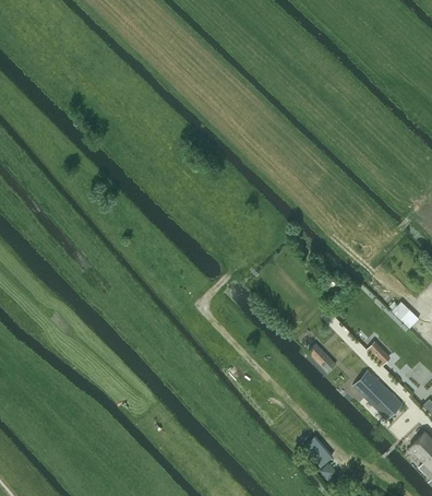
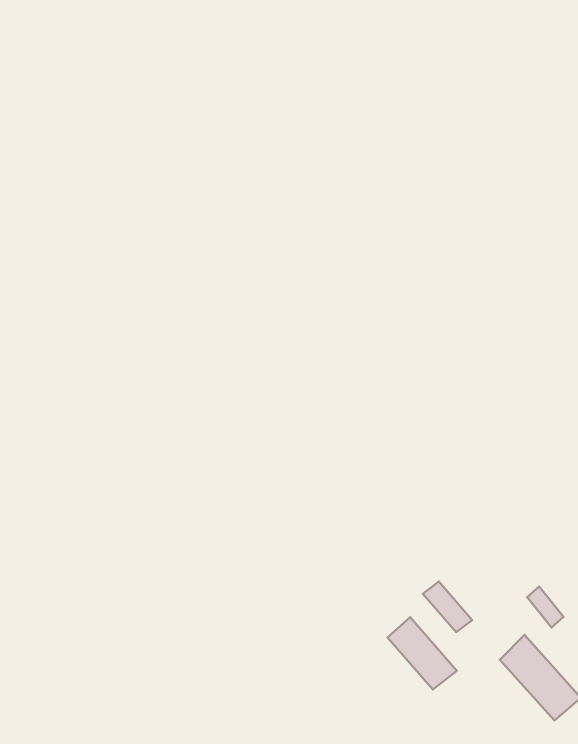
building: none -> [388,617,457,689]

